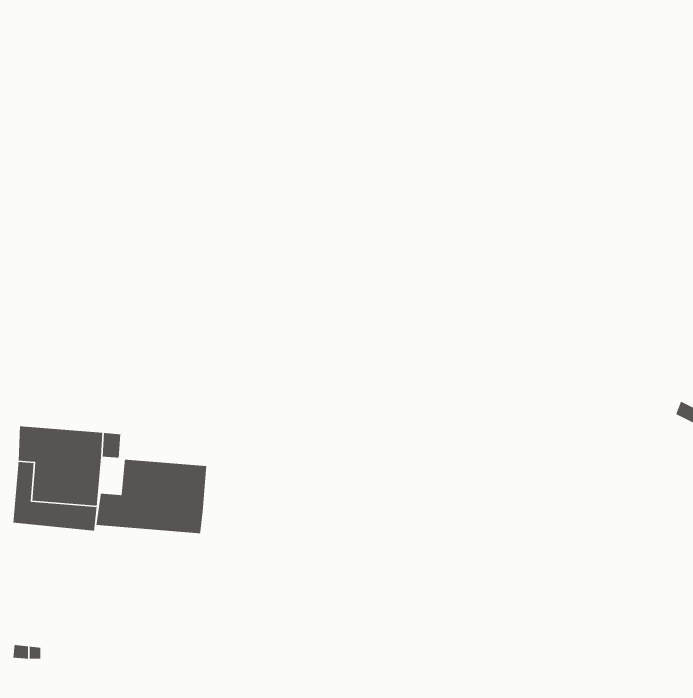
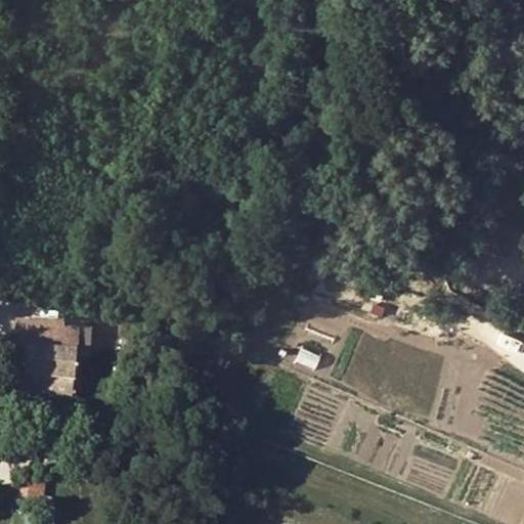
building: [96,459,207,534] -> none

